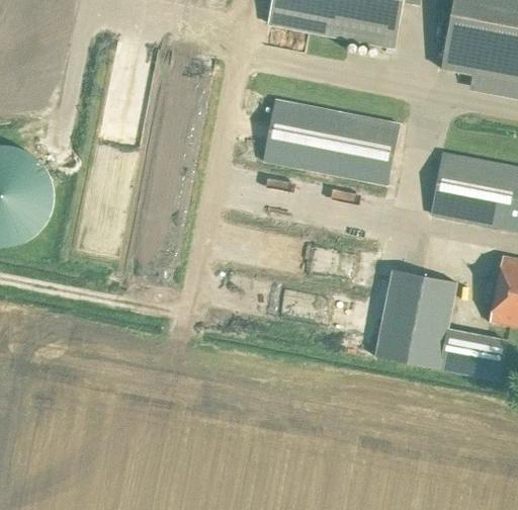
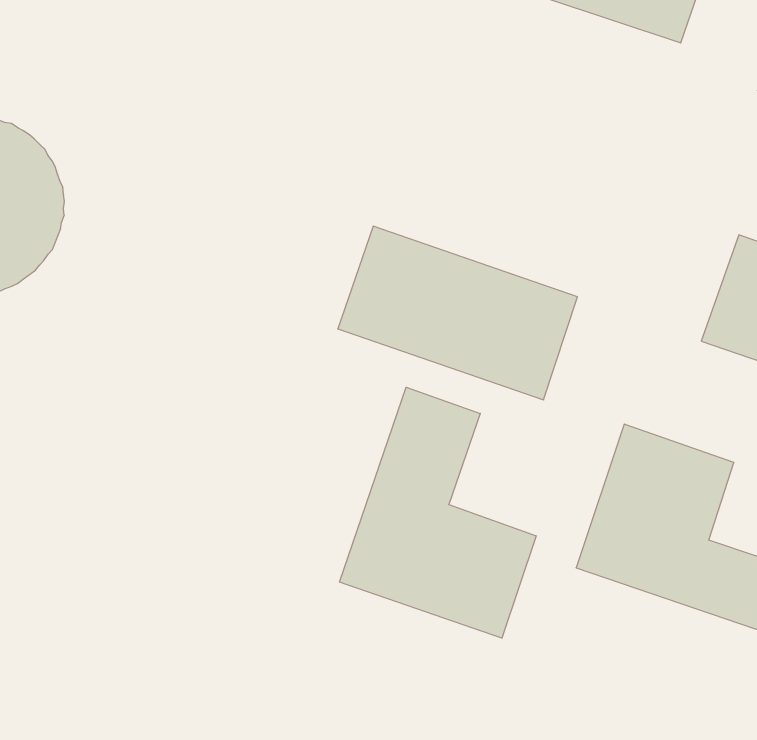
building: [264,99,399,185] -> [338,226,577,400]
building: none -> [339,387,536,638]

